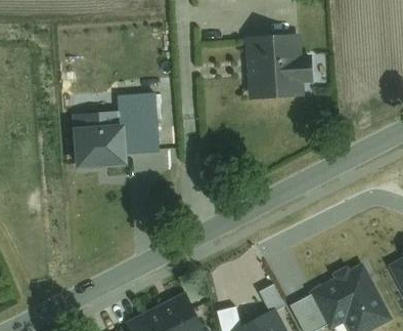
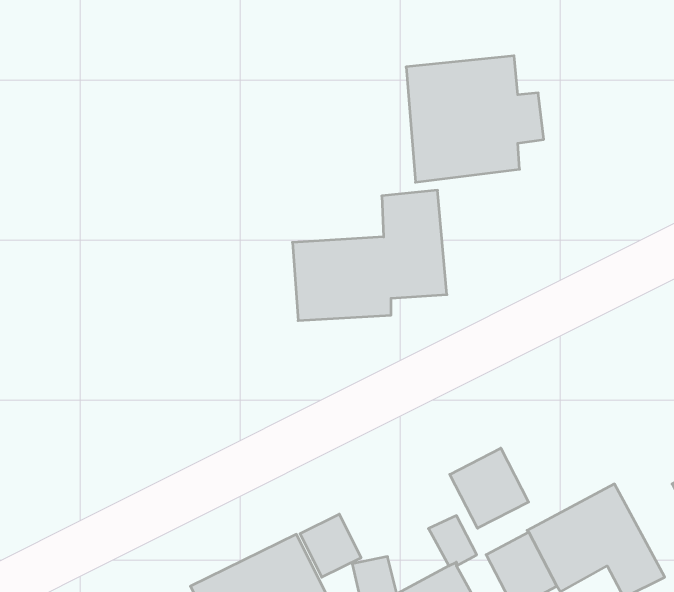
building: [73,91,158,163] -> [292,190,447,321]
building: none -> [450,448,529,528]
building: none -> [300,514,361,577]

